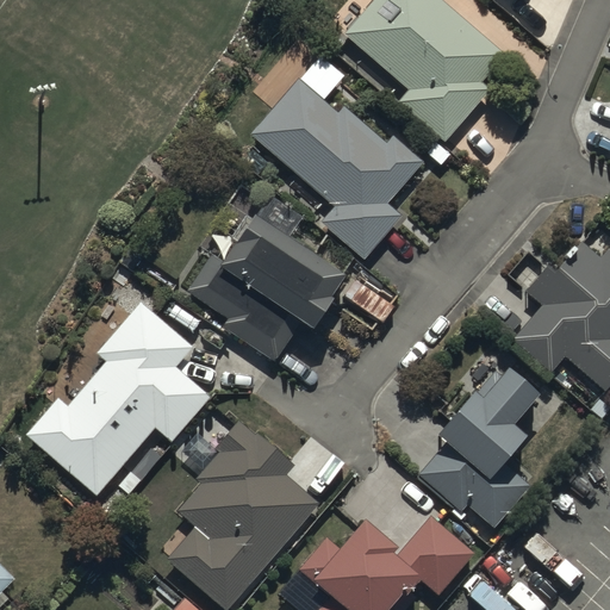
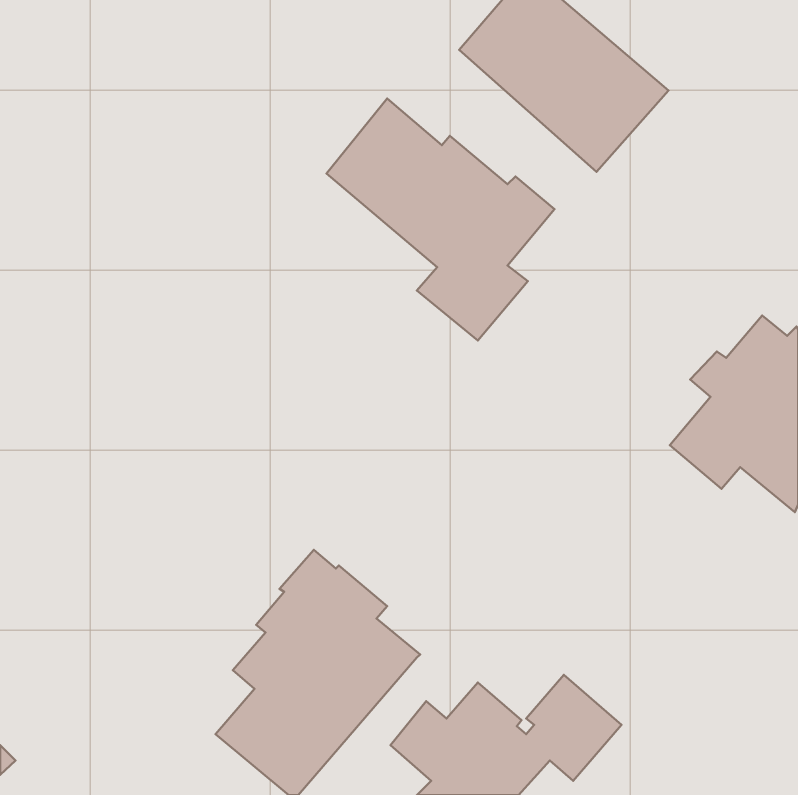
building: [187,216,344,361] -> none
building: [29,301,210,494] -> none
building: [417,369,539,529] -> none

